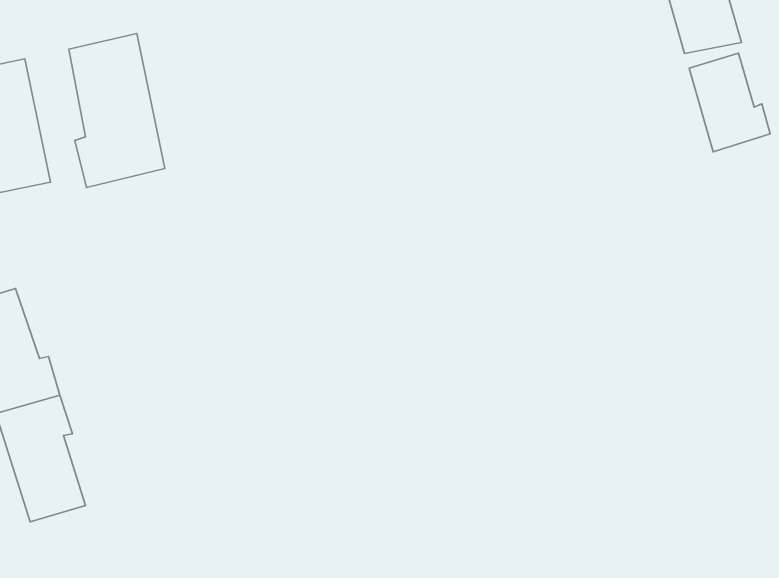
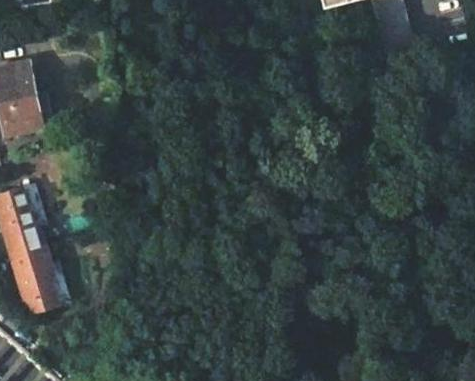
building: [69,34,165,188] -> none
building: [689,53,770,152] -> none

